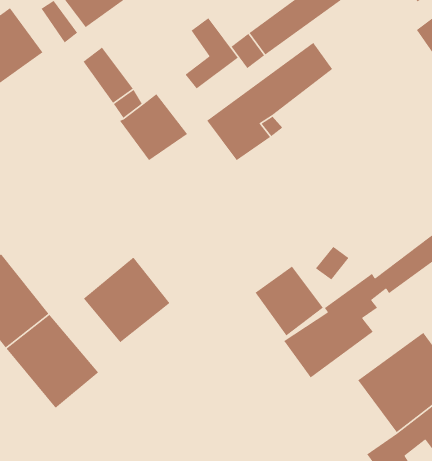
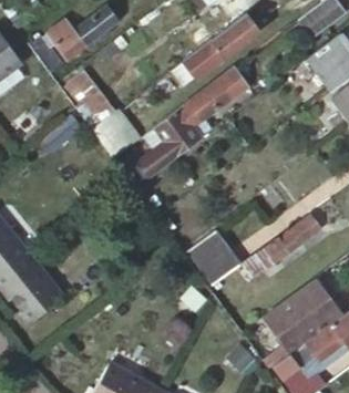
building: [184,17,239,89] -> [137,123,177,176]
building: [83,256,170,343] -> none

